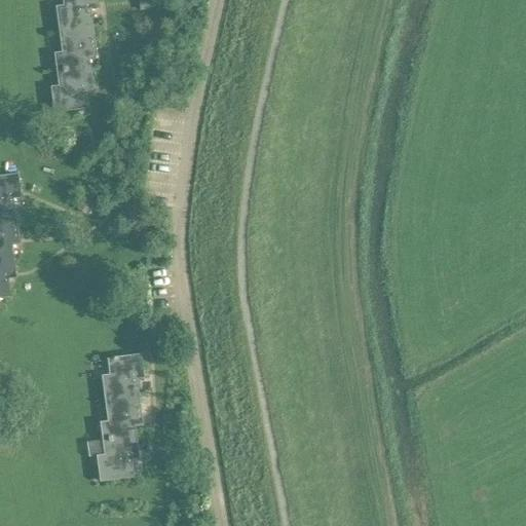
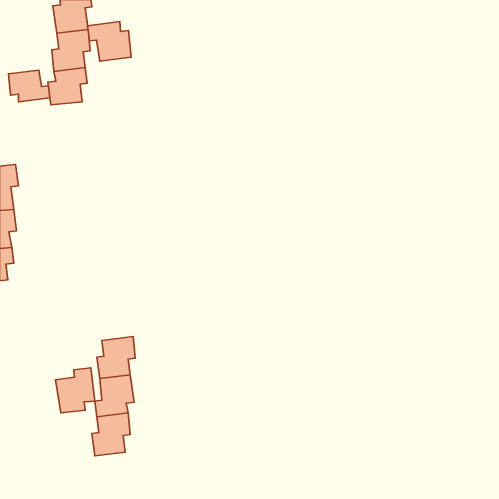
building: none -> [88,22,131,61]
building: none -> [8,70,50,102]
building: none -> [56,368,95,413]

